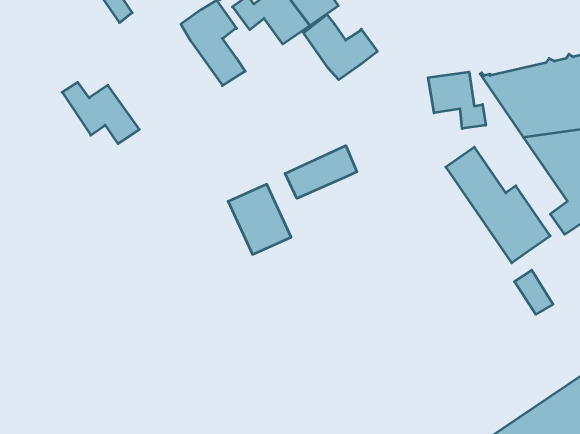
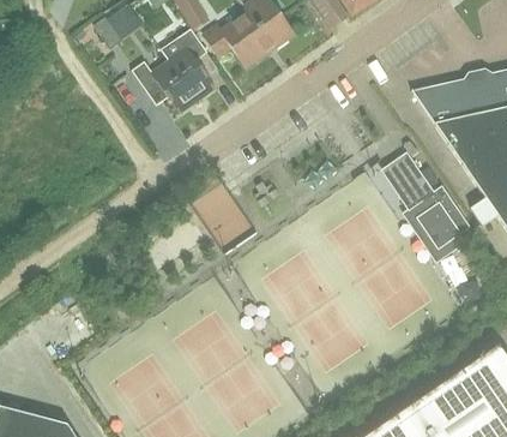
building: [303,14,377,80] -> none
building: [428,72,486,129] -> none
building: [62,82,139,144] -> [132,62,197,114]
building: [285,146,357,198] -> none

